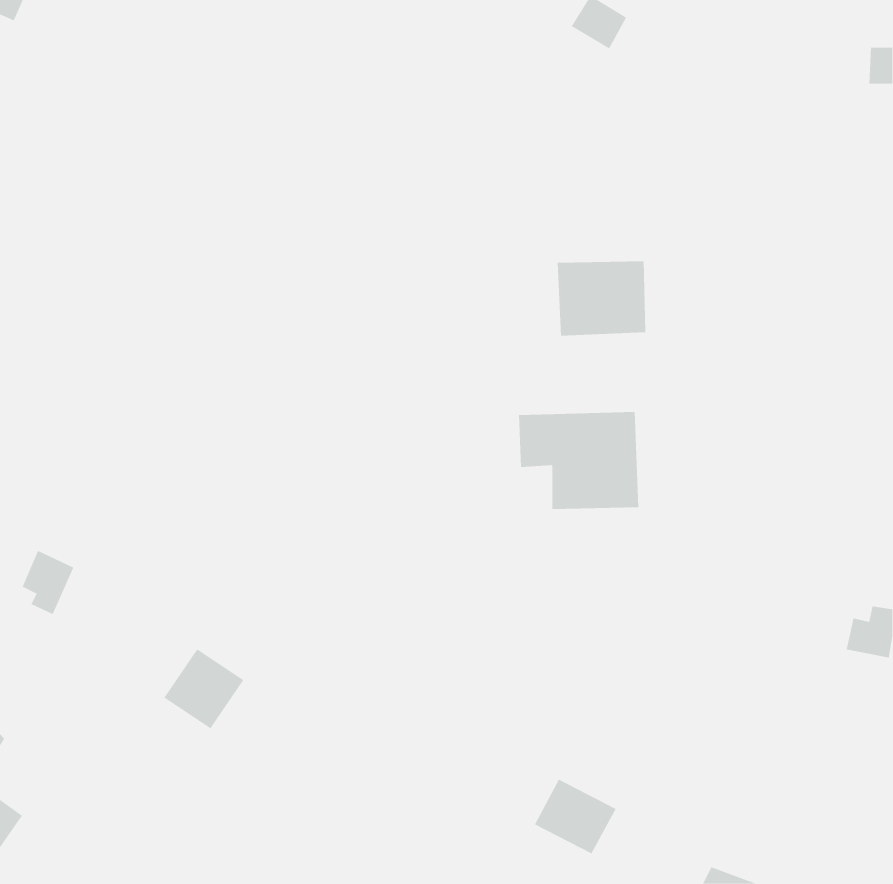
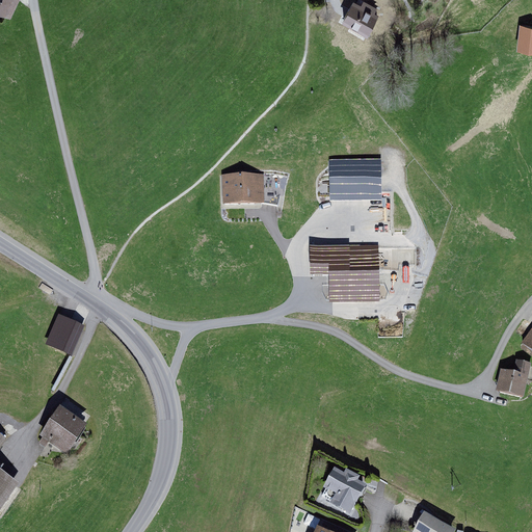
building: none -> [220,174,263,204]
building: [22,550,74,615] -> [52,317,83,355]
building: [164,649,244,729] -> [36,407,84,455]

